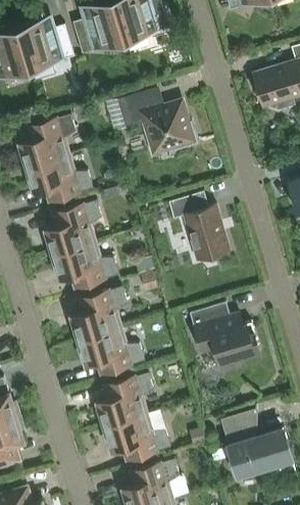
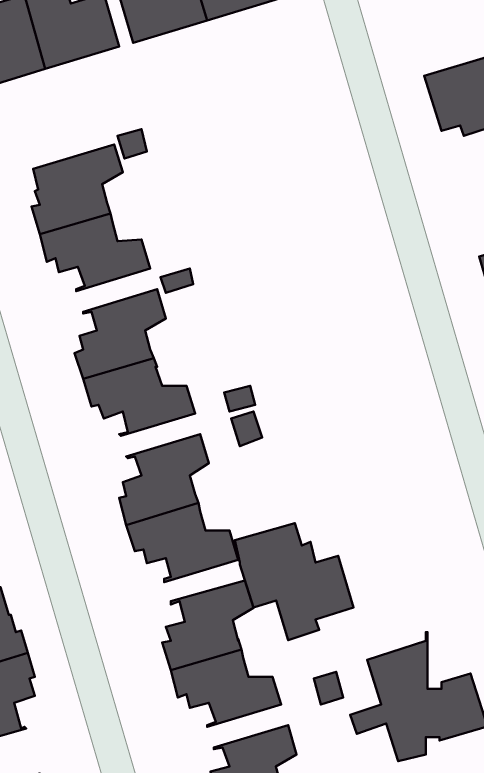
building: [116,91,197,151] -> none
building: [168,192,230,260] -> none
building: [190,303,260,372] -> [235,523,354,640]

